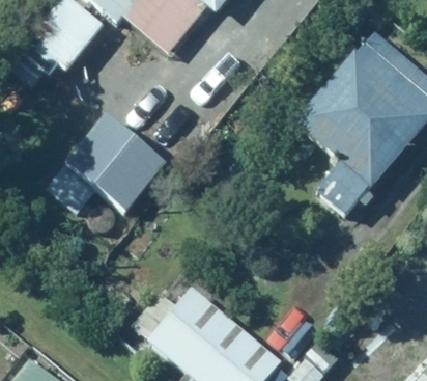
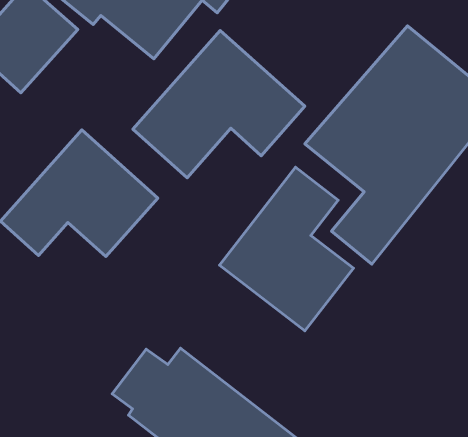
building: none -> [133,30,305,178]
building: none -> [219,167,353,331]

